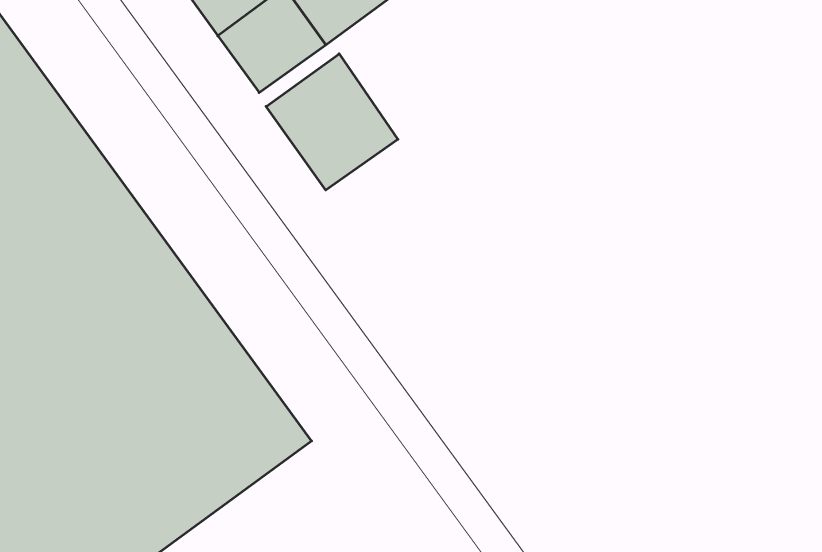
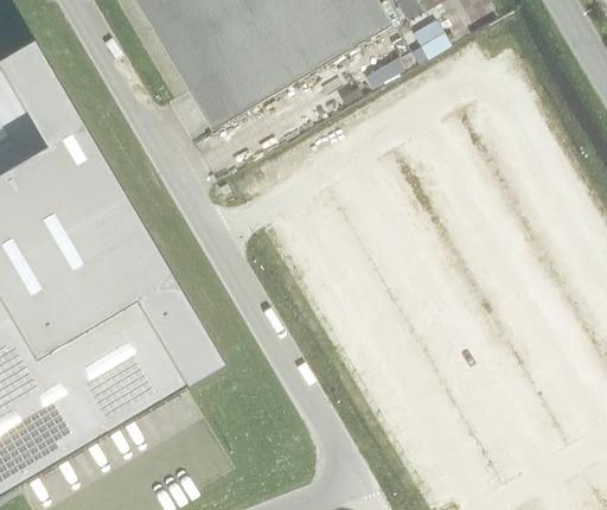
building: [266,54,398,190] -> none

